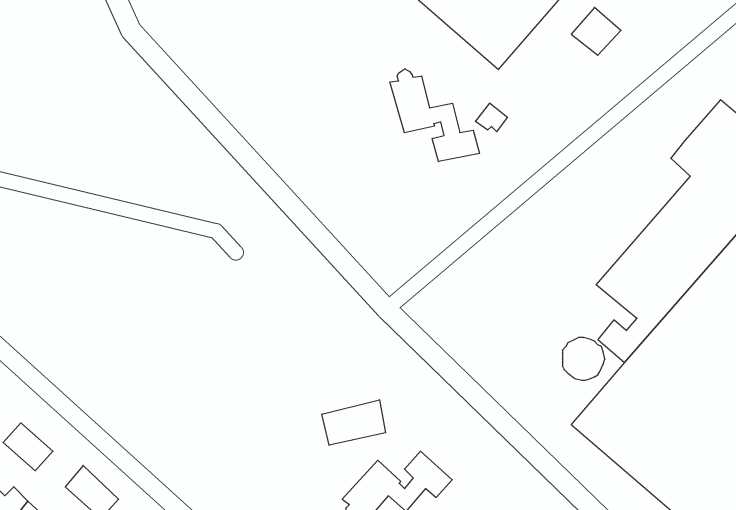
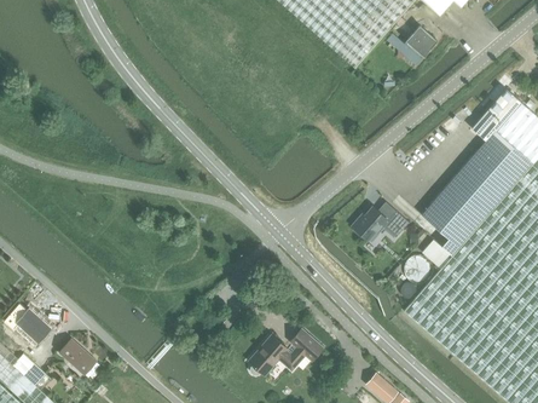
building: [390,69,480,162] -> none
building: none -> [352,202,409,240]
building: [322,400,385,445] -> none

